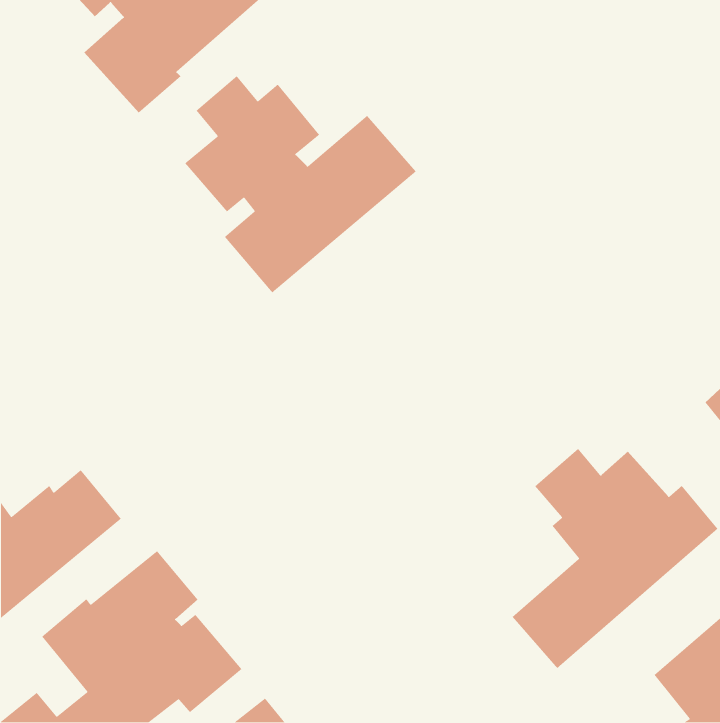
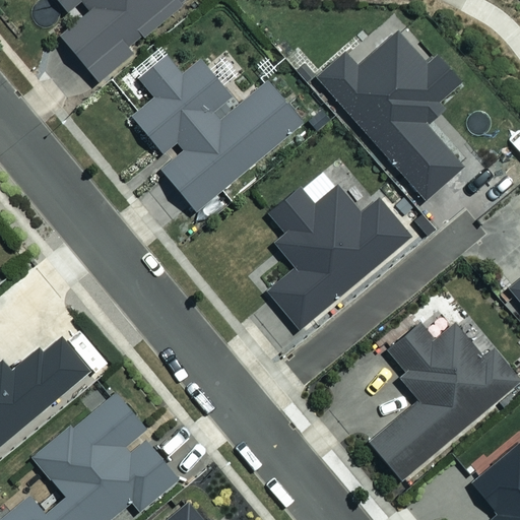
building: none -> [317,31,461,199]
building: none -> [267,186,408,329]

